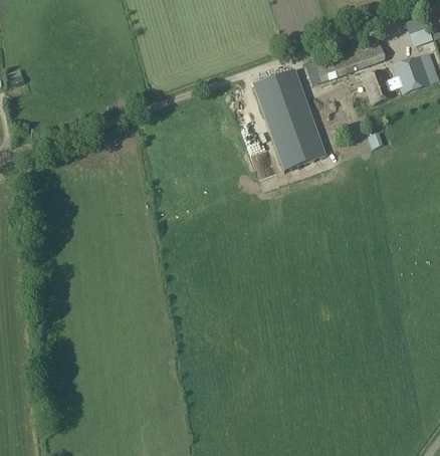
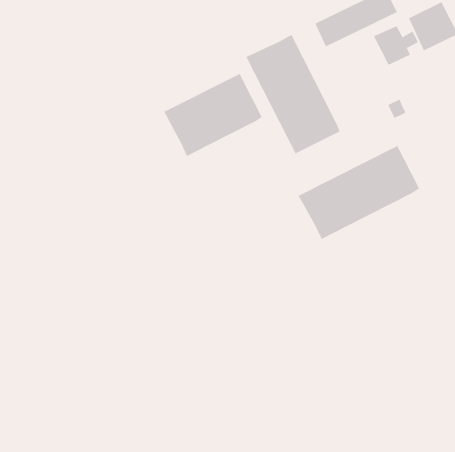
building: none -> [163,73,263,157]
building: none -> [298,145,420,240]

